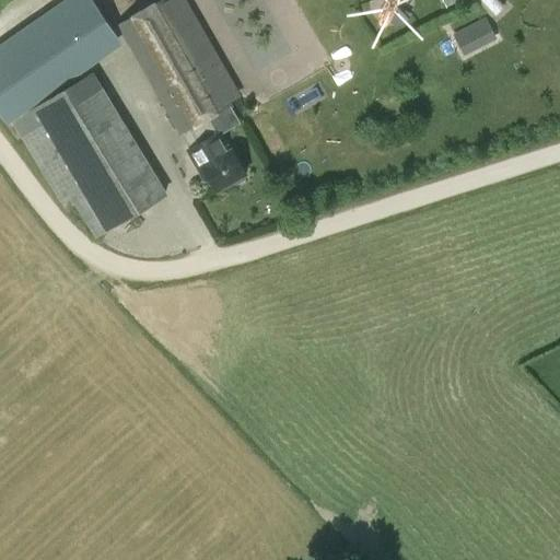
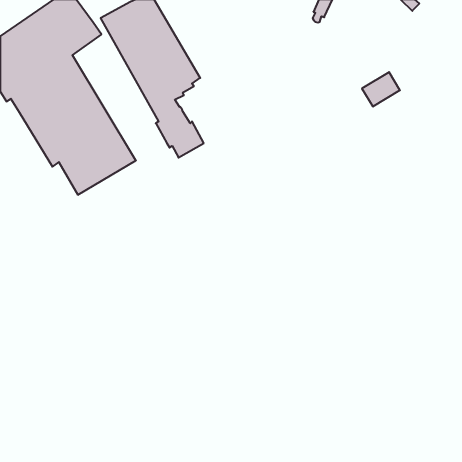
building: [451,14,497,56] -> [362,72,400,106]

